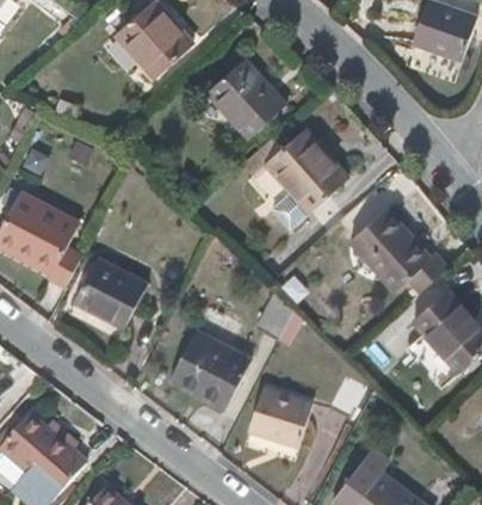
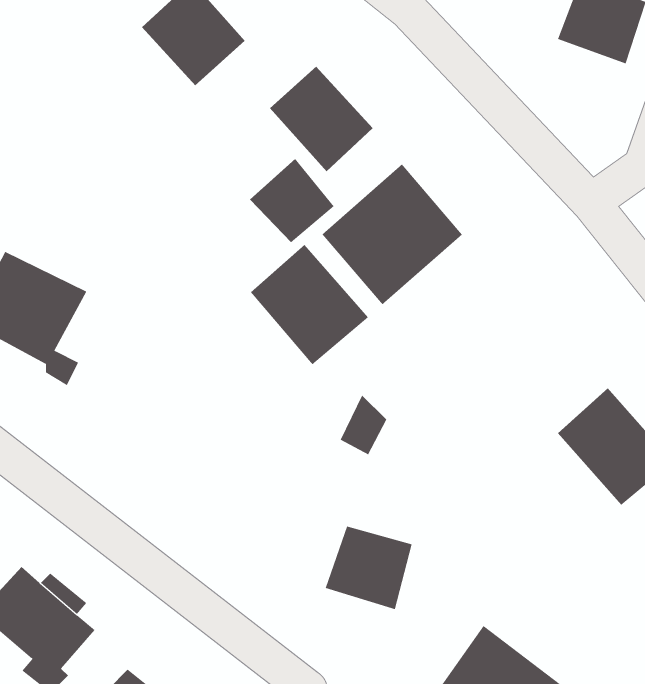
building: none -> [249,158,335,243]
building: none -> [250,244,369,365]
building: [350,209,446,292] -> none
building: [74,258,147,327] -> none
building: [172,333,249,406] -> none

